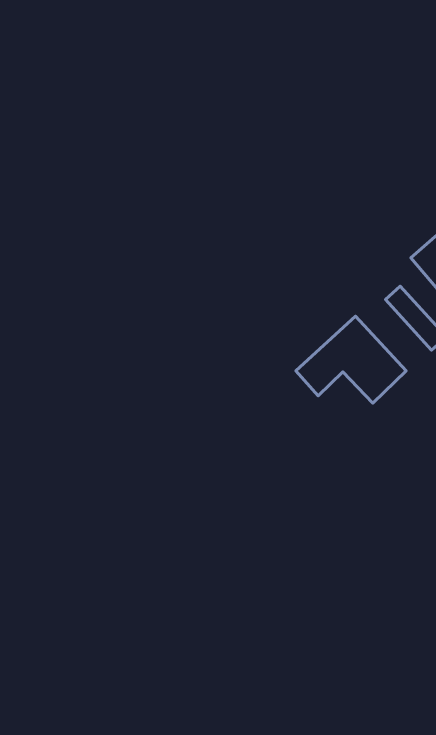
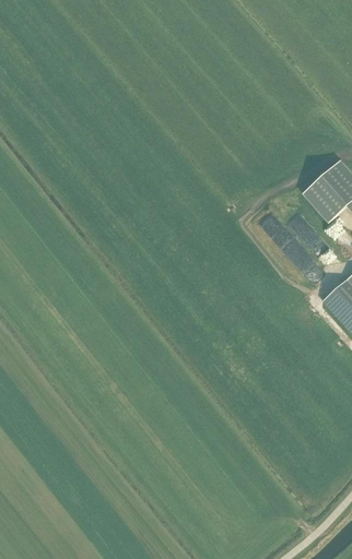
building: [296,316,406,403] -> none

